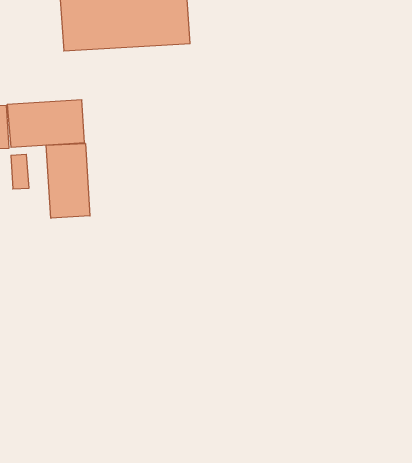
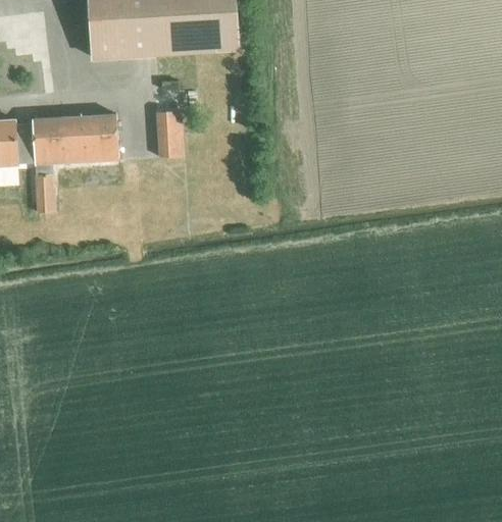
building: none -> [155,111,184,157]
building: [46,144,90,218] -> none

